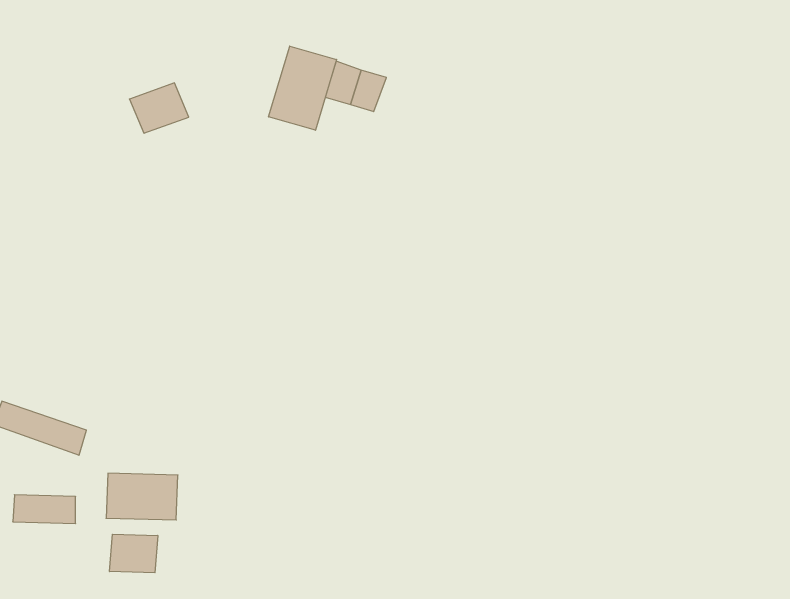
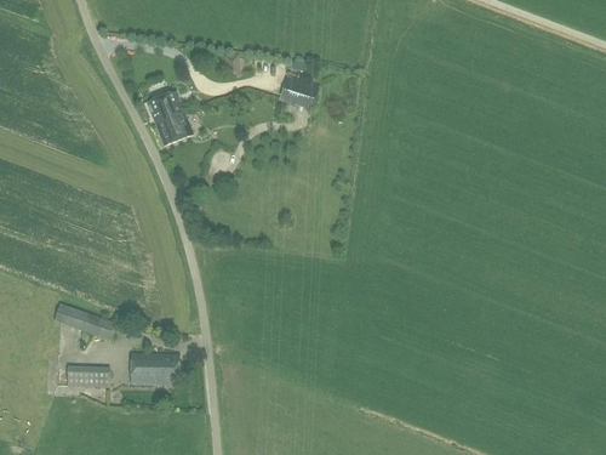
building: [269,46,337,130] -> none
building: none -> [155,110,194,143]
building: [110,534,158,573] -> none

